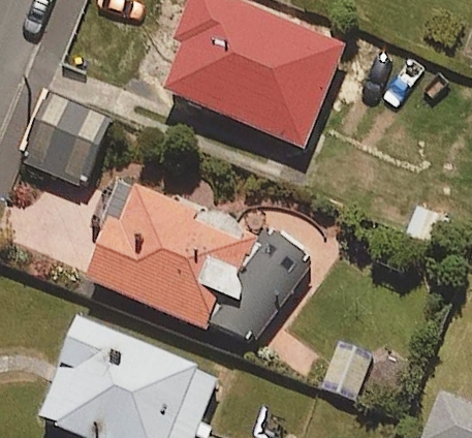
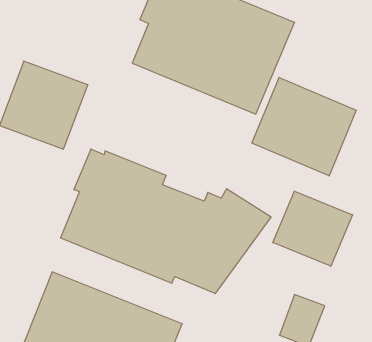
building: none -> [252,77,356,176]
building: none -> [273,191,353,266]

